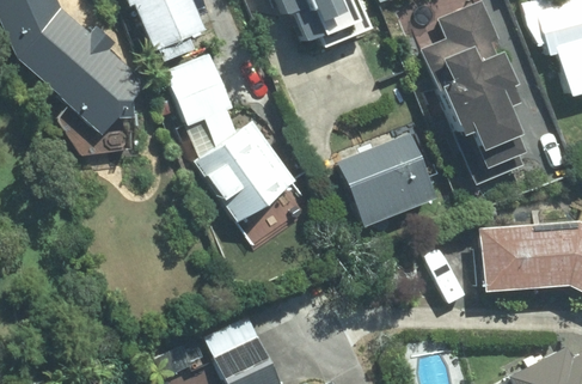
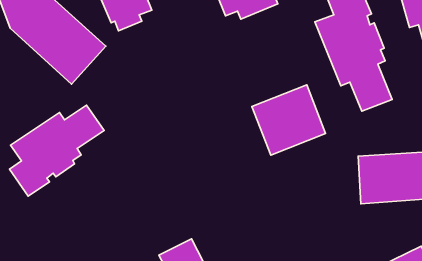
building: [167,55,295,223] -> none
building: none -> [9,105,104,196]

